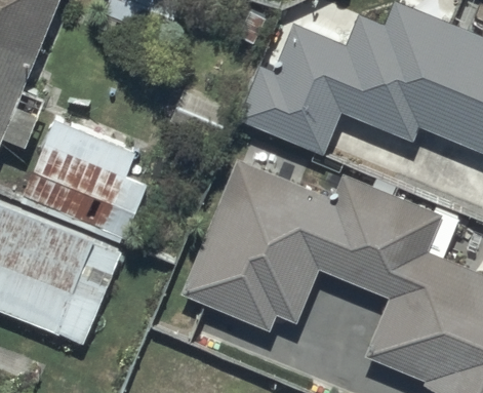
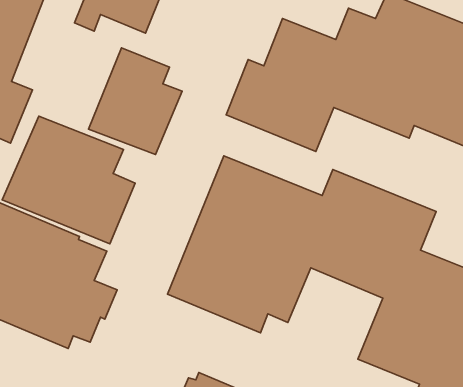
building: none -> [88,48,182,155]

